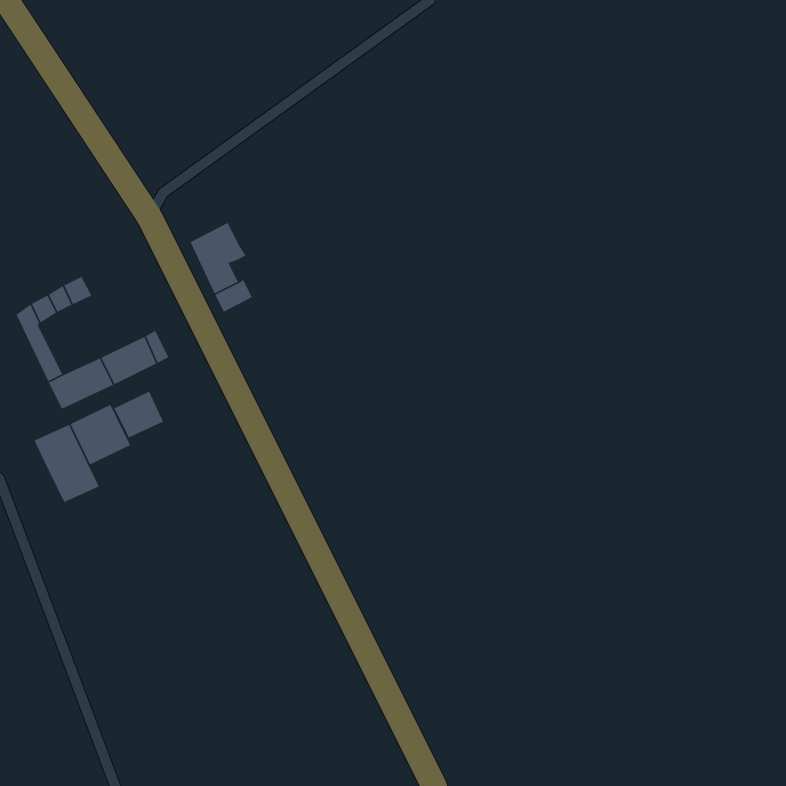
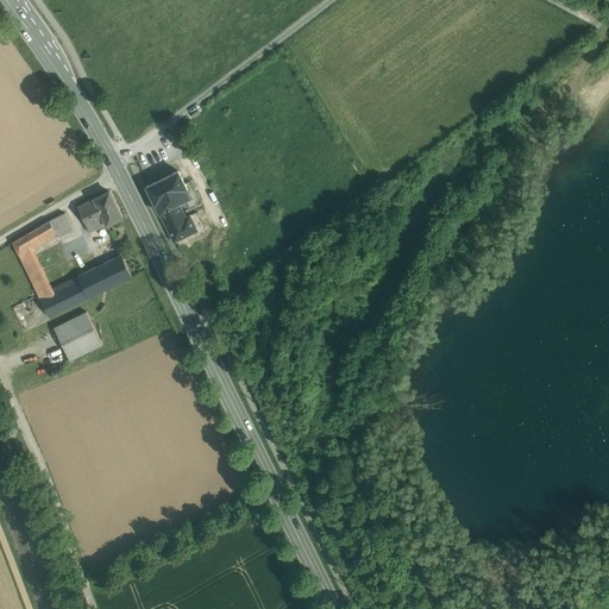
building: none -> [76,193,120,233]
building: [113,391,164,438] -> none
building: [34,424,100,503] -> none

